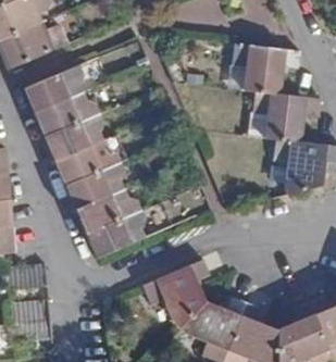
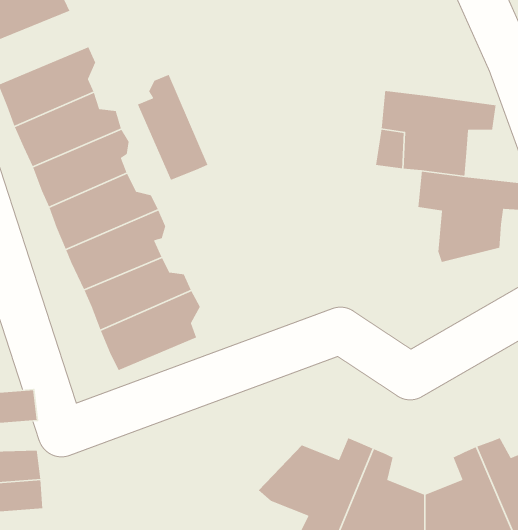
building: [232,42,299,93] -> none
building: none -> [137,74,209,181]
building: [141,258,209,327] -> none

